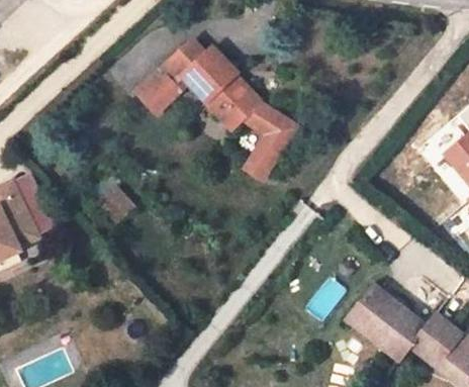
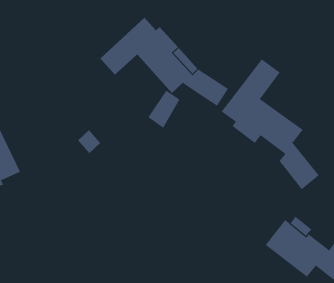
building: none -> [221,59,320,190]
building: [246,136,287,185] -> [147,90,180,128]

